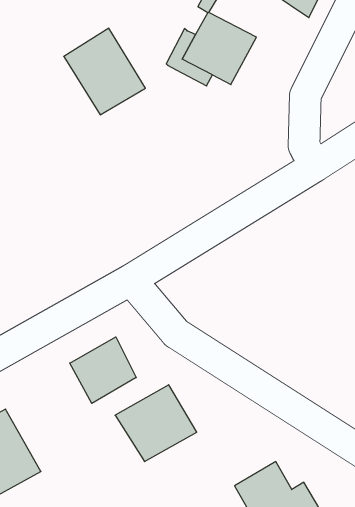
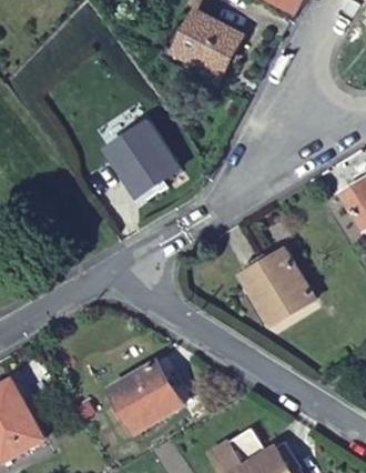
building: [64,28,145,115] -> [100,123,174,202]
building: none -> [243,246,316,321]
building: [70,337,136,403] -> none

